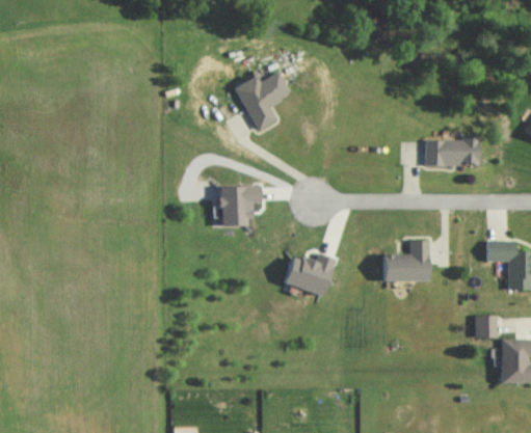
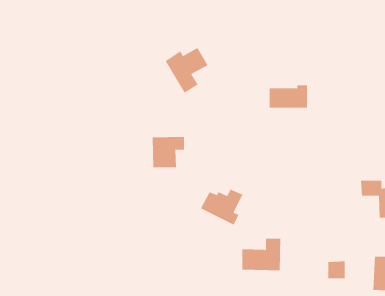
building: [426,135,476,165] -> [269,85,308,108]
building: [380,240,431,281] -> [242,238,281,271]
building: [476,315,499,337] -> [328,261,345,279]

